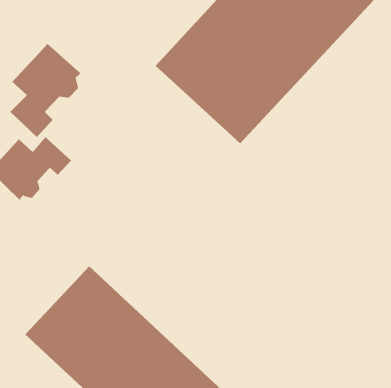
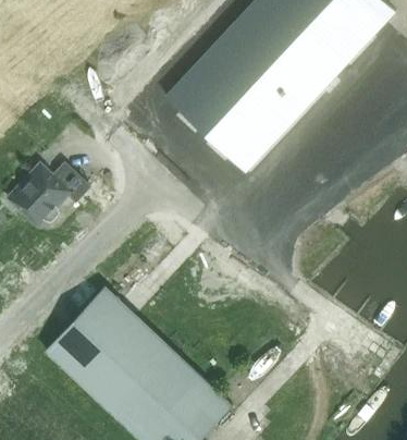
building: [9,43,81,138] -> none

